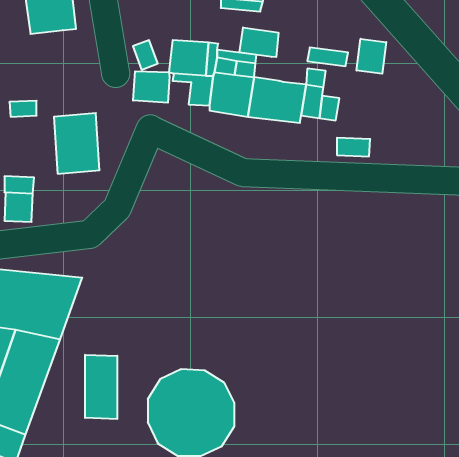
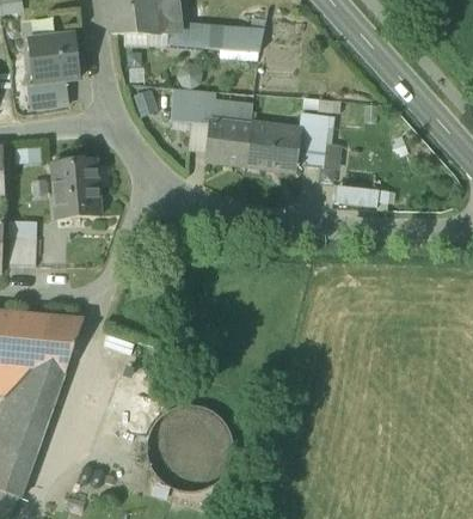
building: [240,27,278,57] -> none
building: none -> [26,78,69,106]
building: [357,39,386,74] -> none
building: [133,71,169,103] -> none
building: [85,355,117,419] -> none

